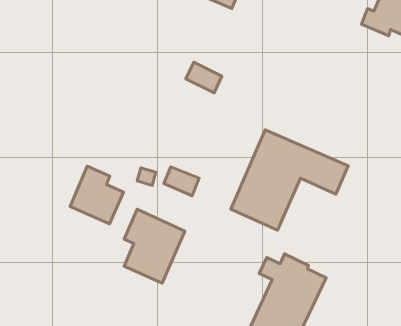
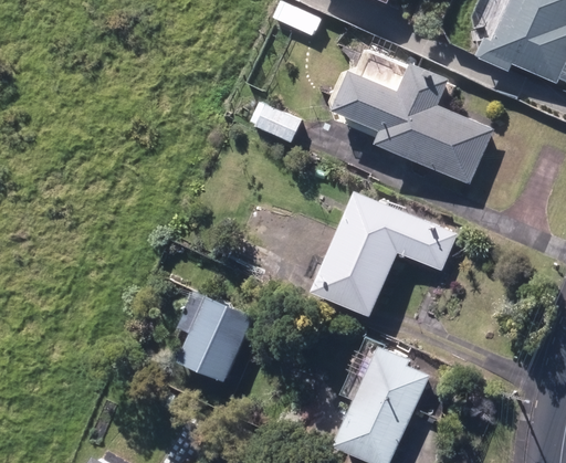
building: none -> [331,63,493,185]
building: [70,166,124,224] -> none

